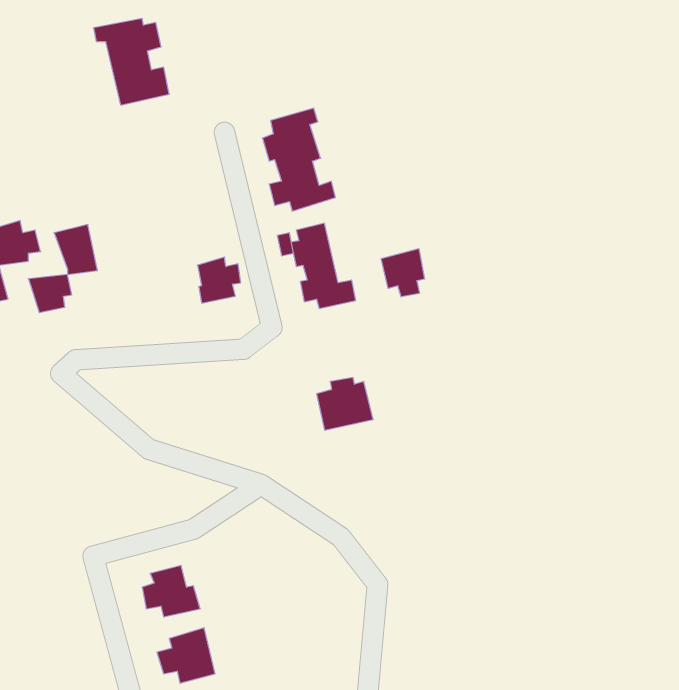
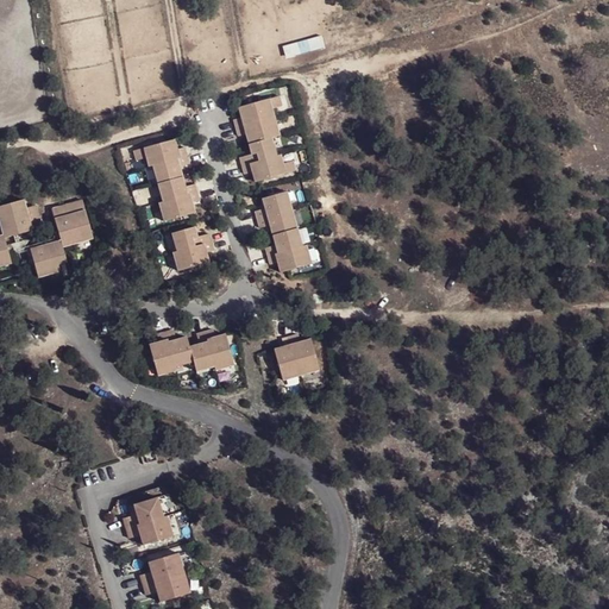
building: [93,19,169,105] -> [134,143,201,219]
building: [381,249,425,297] -> none
building: none -> [156,327,237,373]

